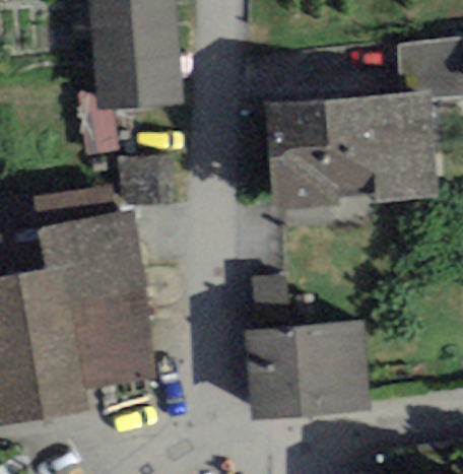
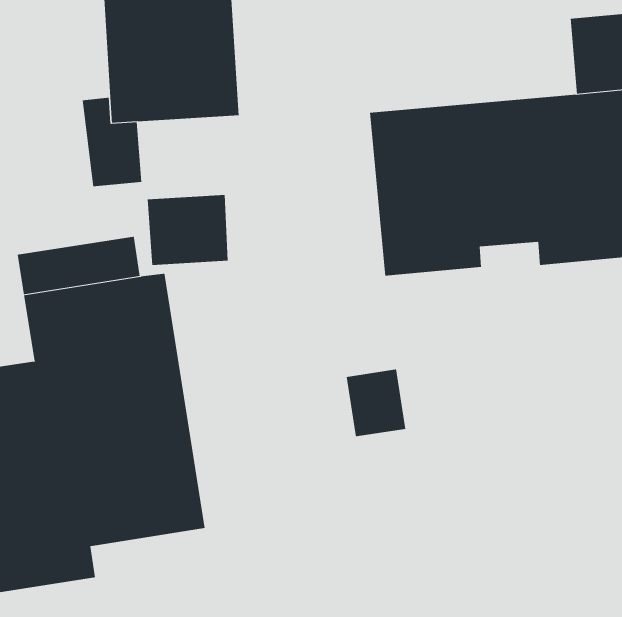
building: [243,320,372,419] -> none

